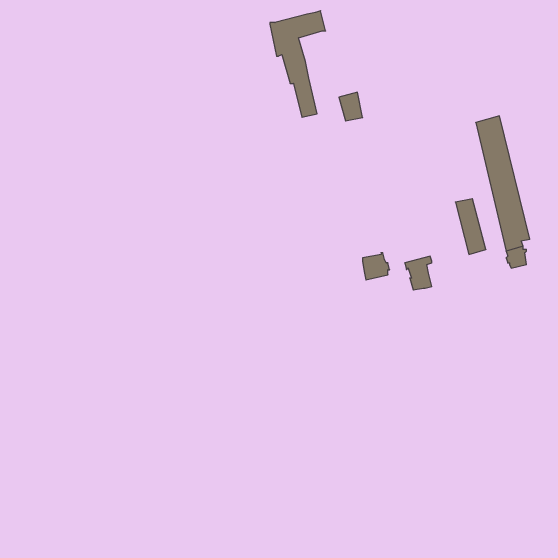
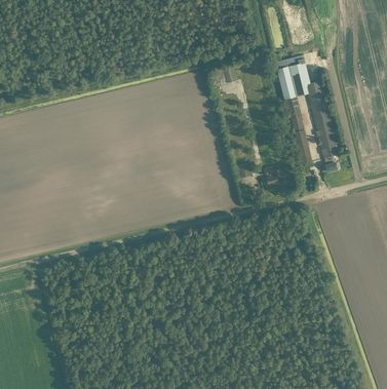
building: [270,11,326,117] -> [274,61,308,125]

